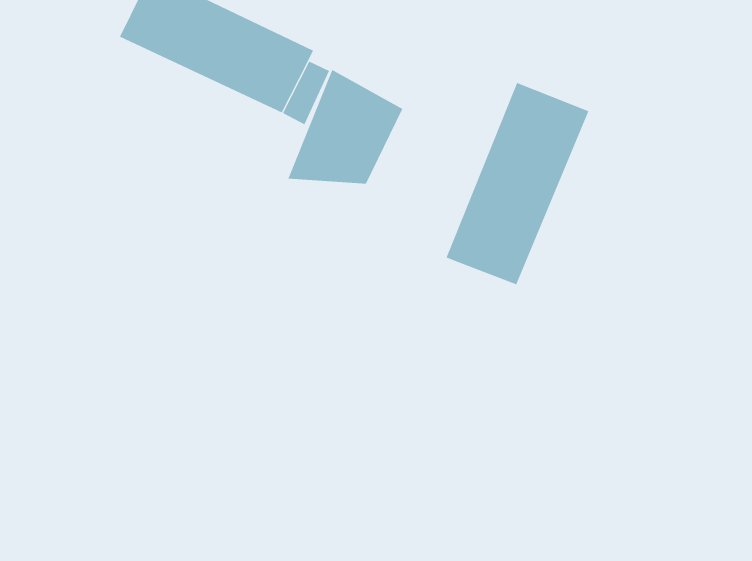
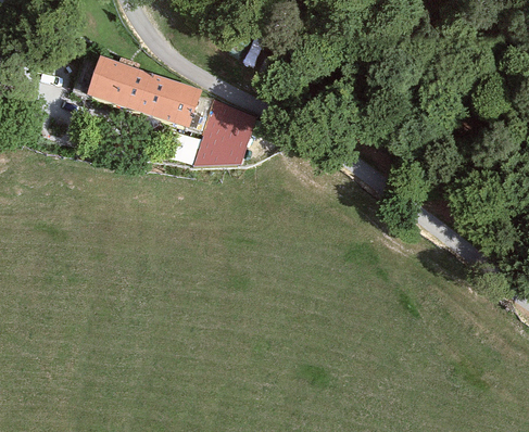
building: [446,82,589,285] -> none

